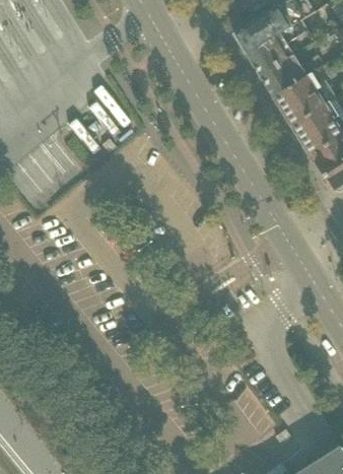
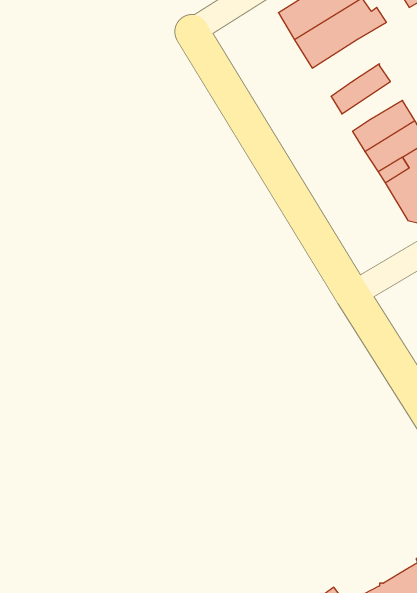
building: [260,53,324,95] -> none
building: [282,84,328,122] -> none

